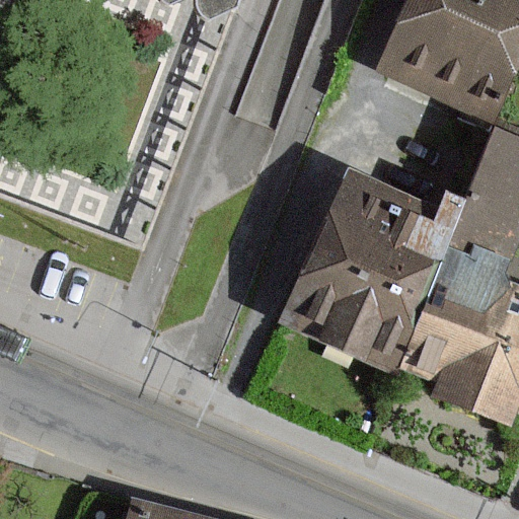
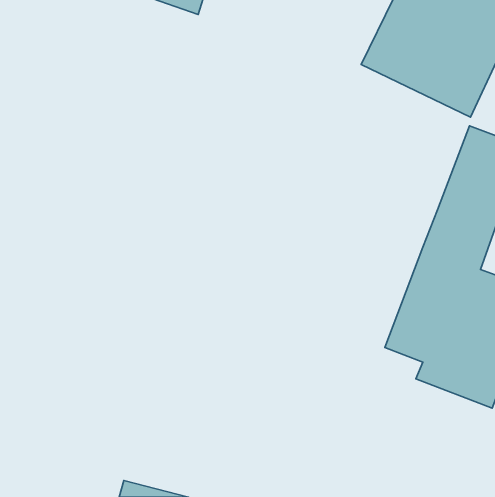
building: [285,174,458,371] -> none

